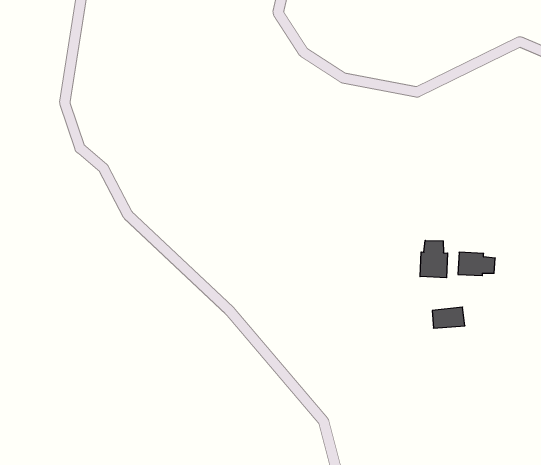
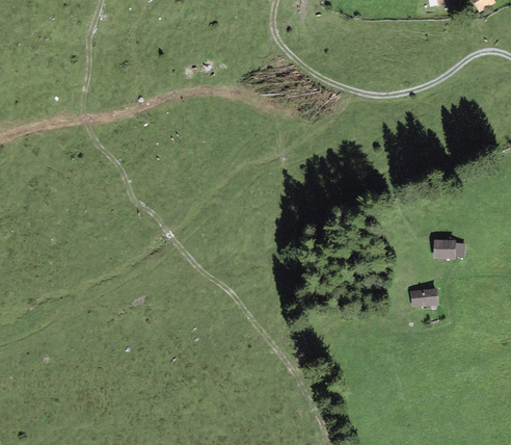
building: [420,240,448,278] -> none

